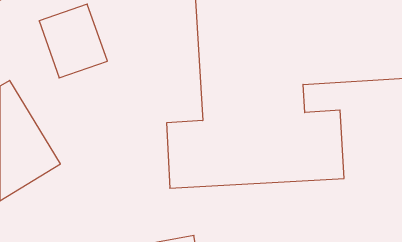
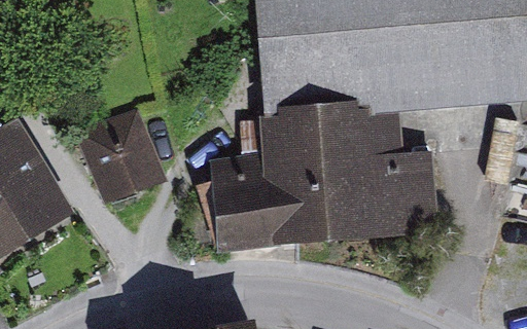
building: [39,4,107,78] -> [81,101,169,195]

